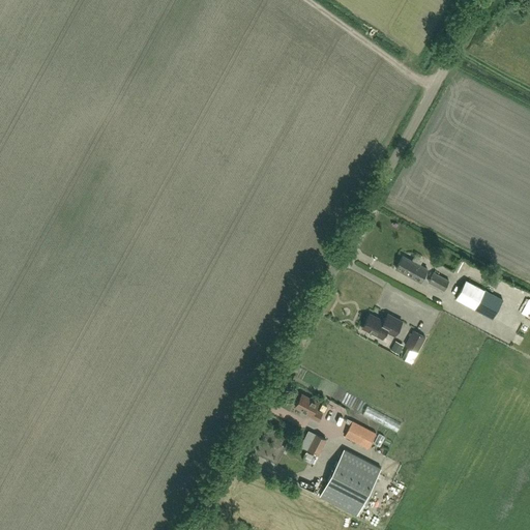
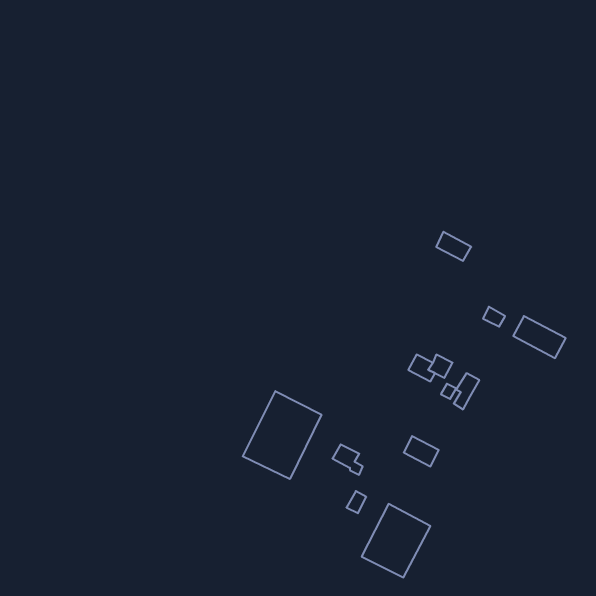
building: [396,256,428,282] -> [436,232,471,261]
building: none -> [243,391,321,479]
building: [345,421,376,448] -> [404,436,439,466]

